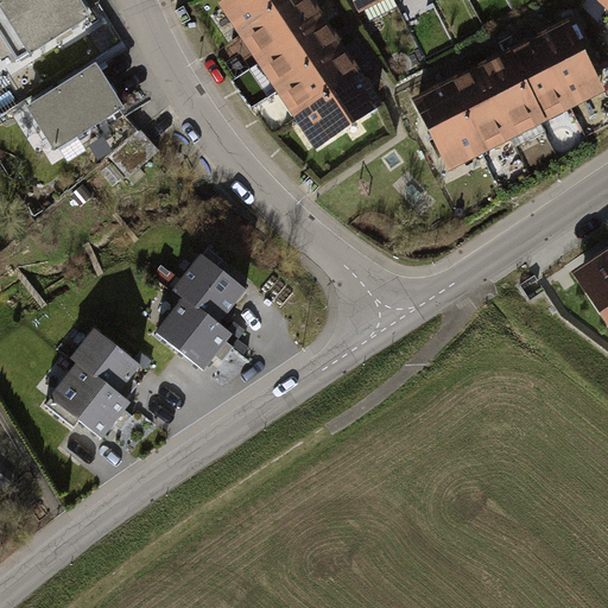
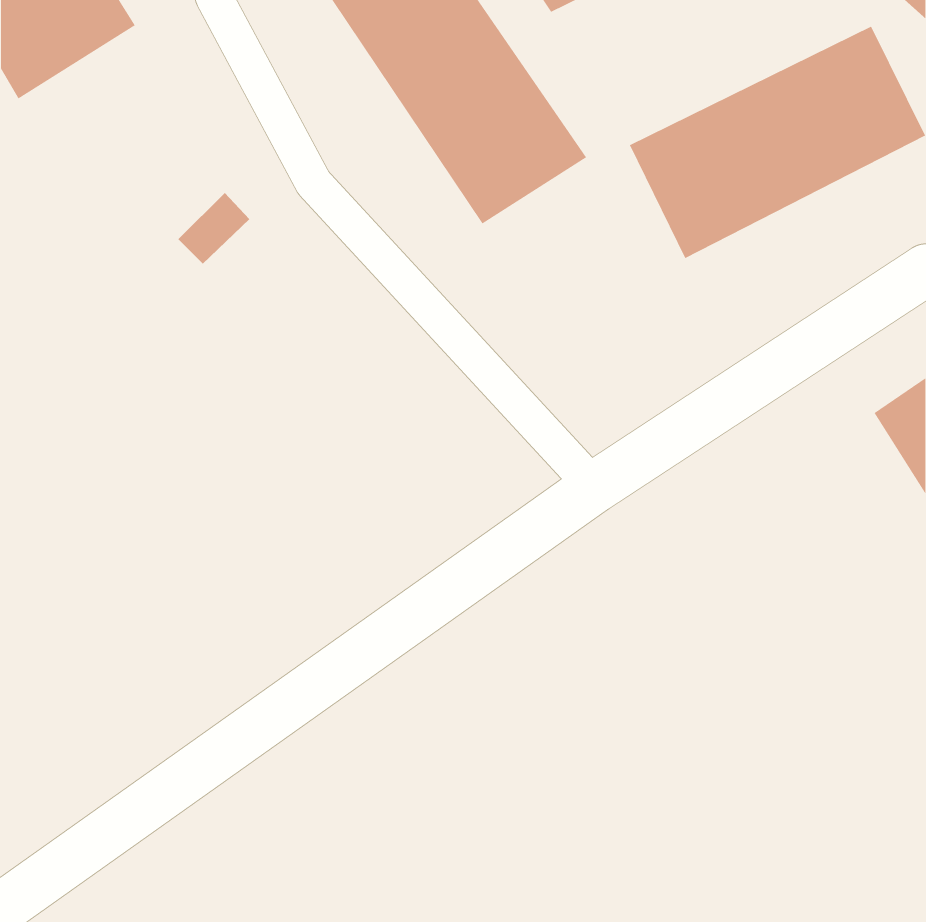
building: [17,58,128,160] -> none
building: [156,255,245,370] -> none
building: [45,327,140,437] -> none

